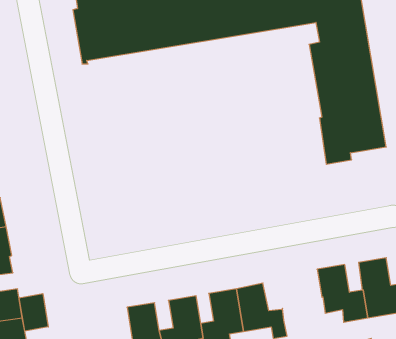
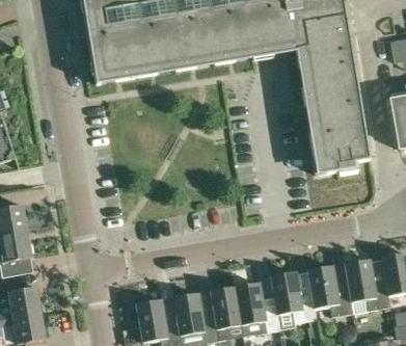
building: none -> [269,270,316,322]
building: [19,294,48,331] -> none

